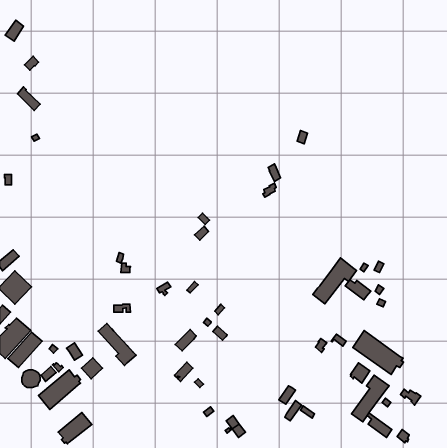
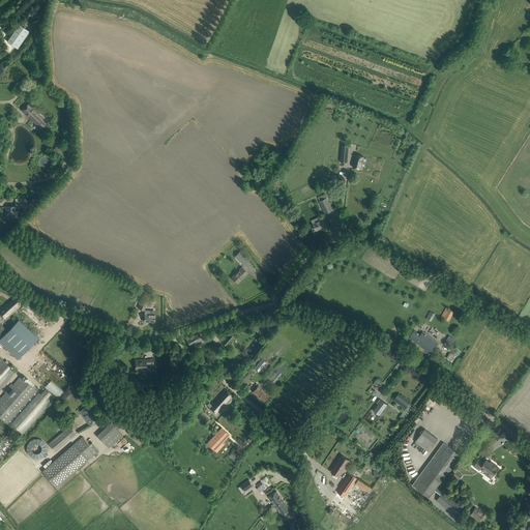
building: [313,258,357,304] -> none
building: [98,324,136,365] -> none
building: [353,331,403,374] -> none
building: [58,413,92,444] -> none

